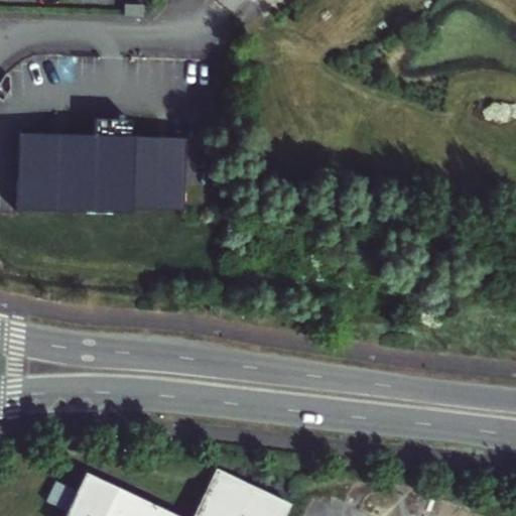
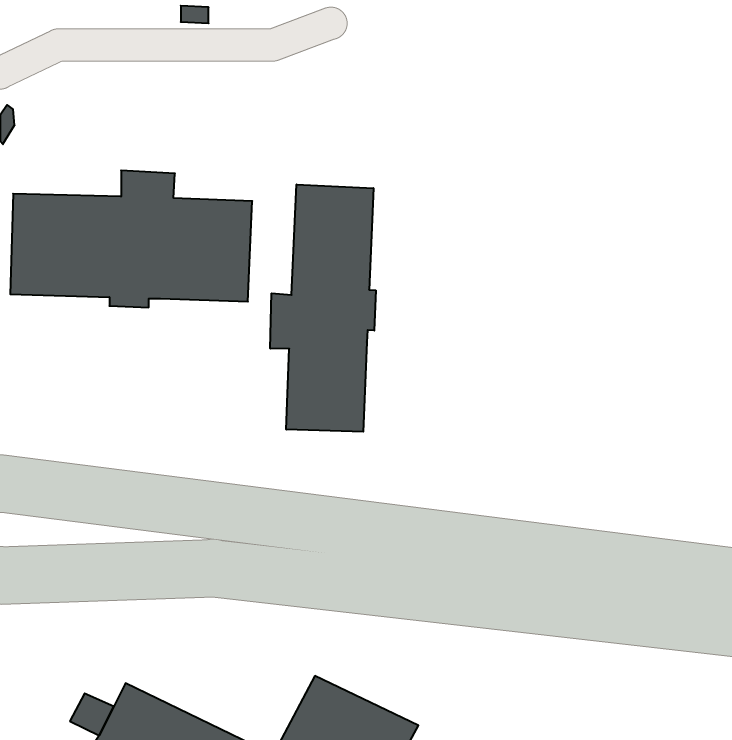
building: none -> [270,184,376,432]

